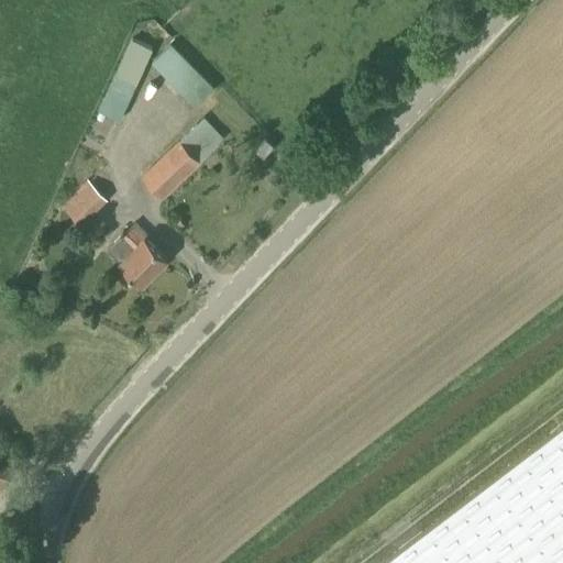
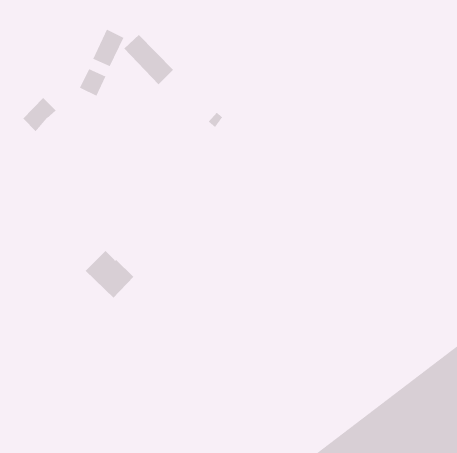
building: [143,122,225,201] -> none
building: [65,187,107,230] -> [22,97,57,132]
building: [108,230,168,289] -> [85,250,134,298]

